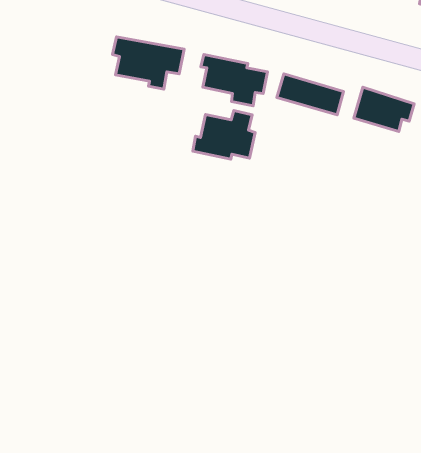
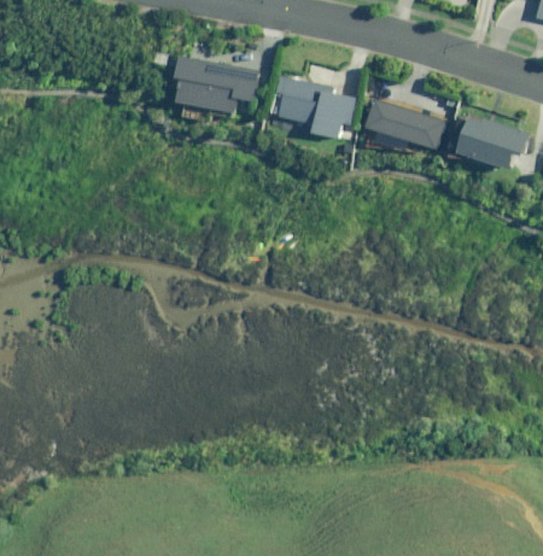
building: [193,110,255,159] -> none

